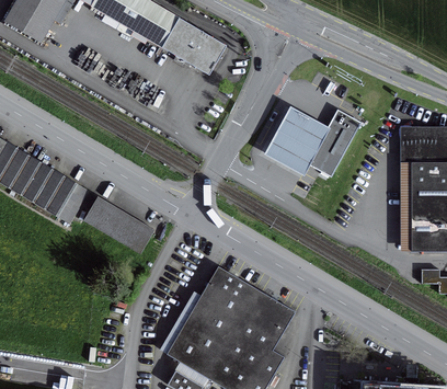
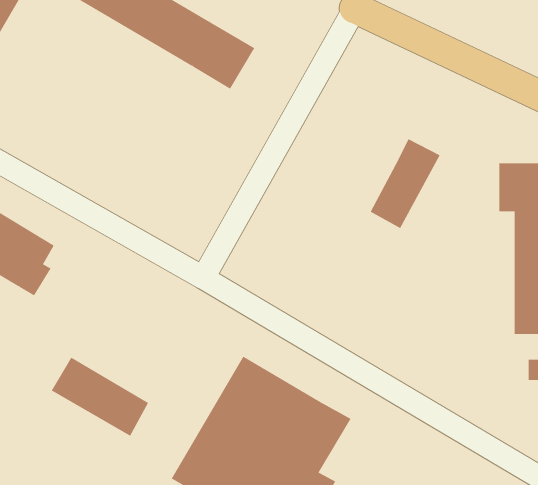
building: [263,106,328,174] -> none
building: [83,197,153,254] -> [51,357,149,437]

